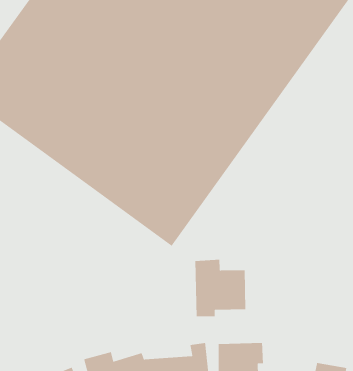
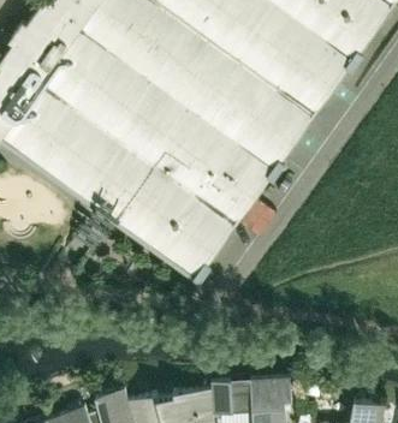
building: [194,259,246,317] -> none

